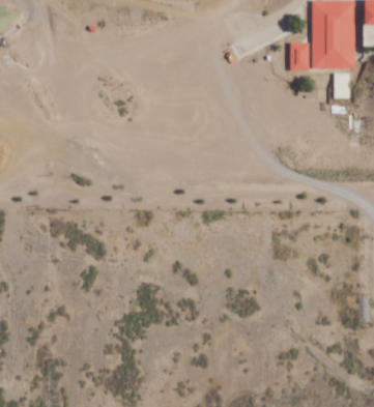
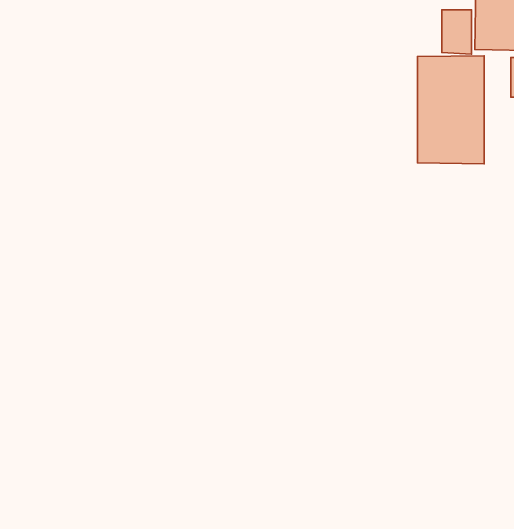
building: none -> [418,56,484,164]

